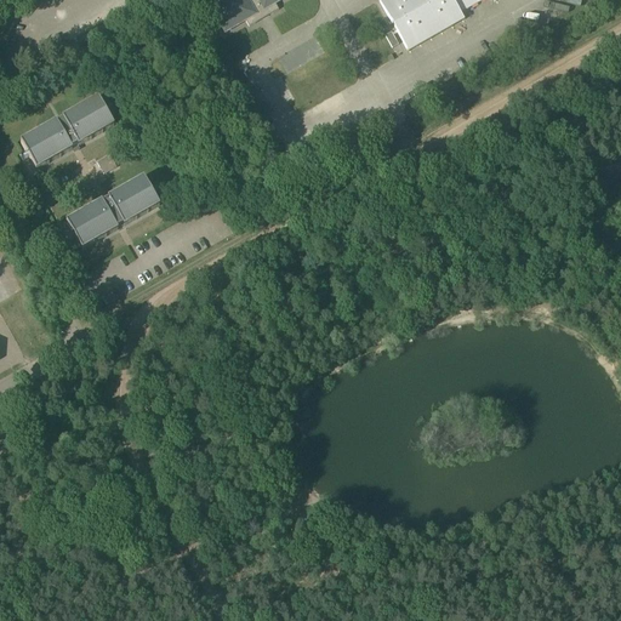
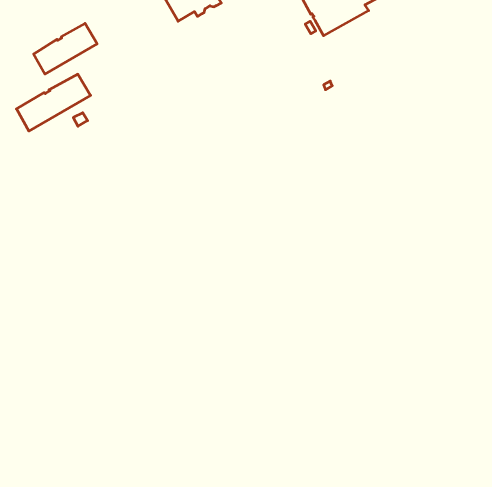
building: none -> [34,23,97,74]
building: [65,172,159,244] -> none

